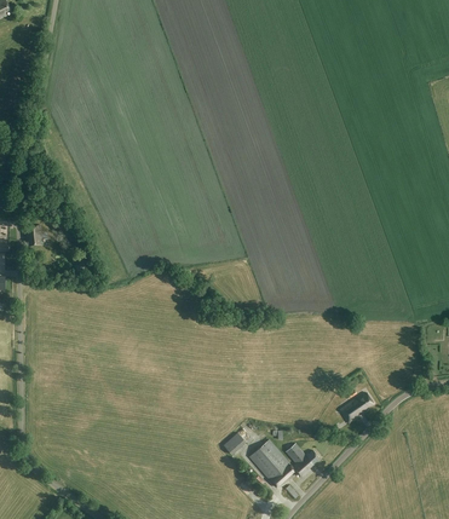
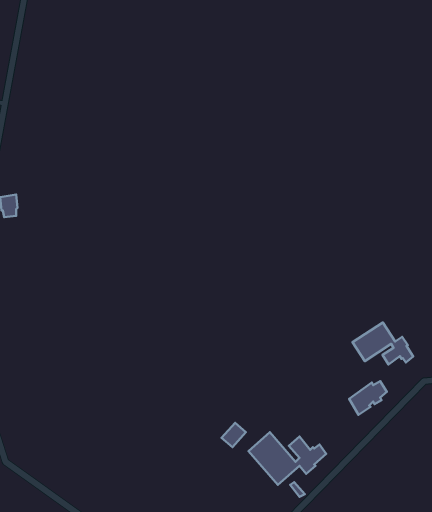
building: none -> [352,323,413,364]

